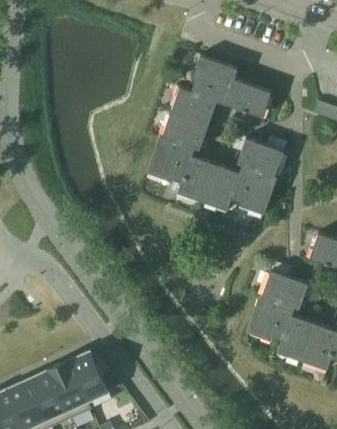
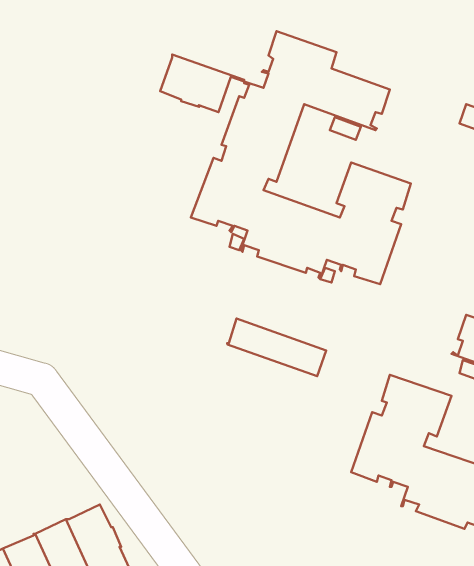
building: none -> [160,54,244,112]
building: none -> [227,319,326,376]

